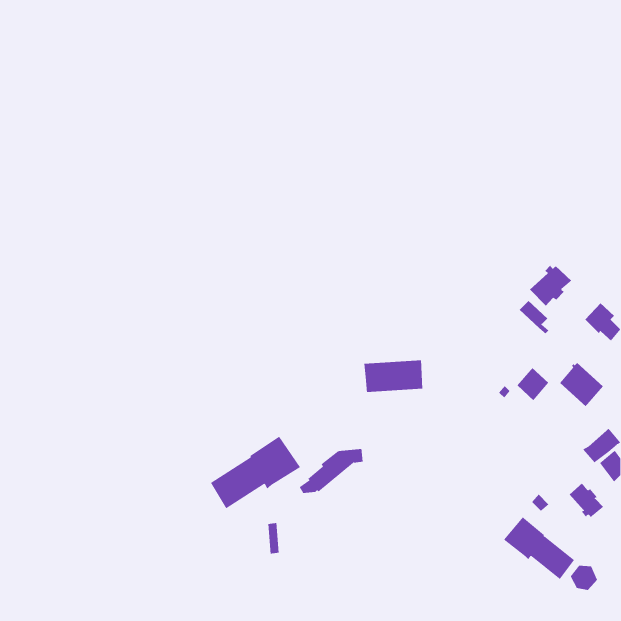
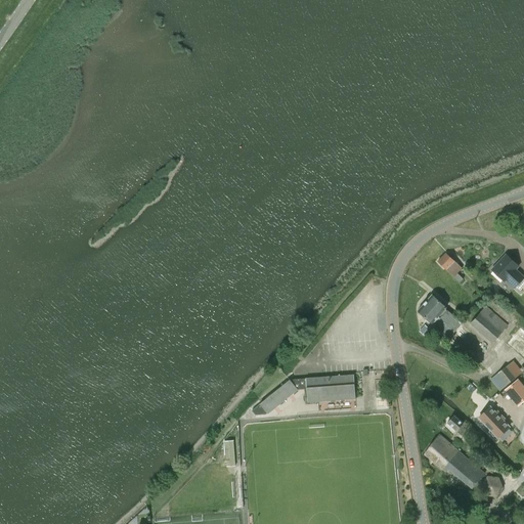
building: [529,265,572,306] -> none
building: none -> [418,294,447,323]
building: [364,360,423,393] -> [305,375,355,402]
building: [210,436,301,509] -> none

